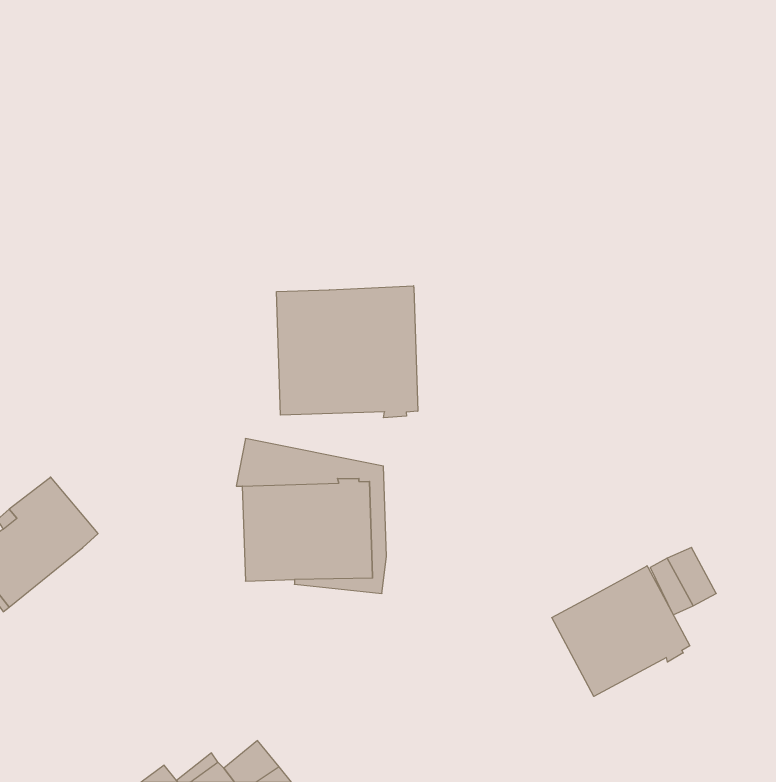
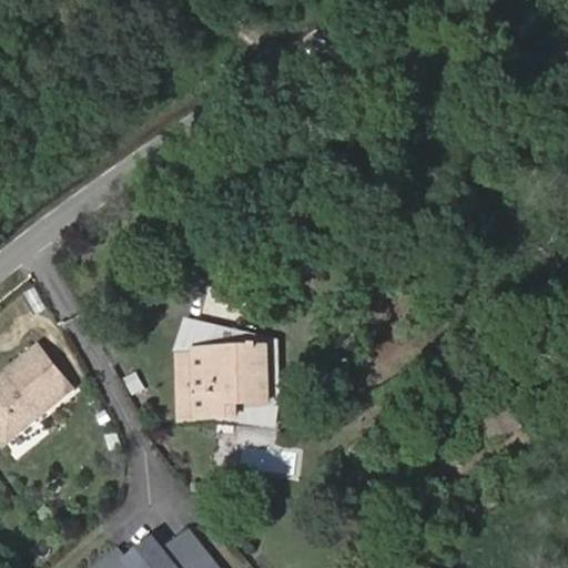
building: [277,286,418,418] -> none
building: [552,566,690,696] -> none

